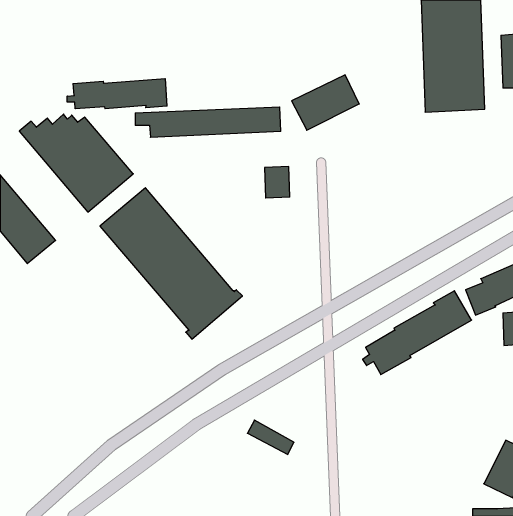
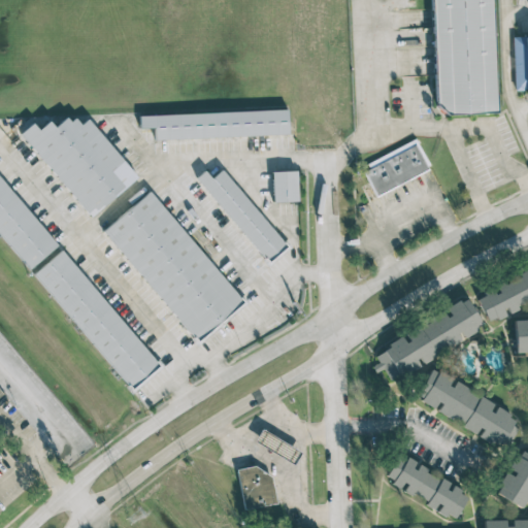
building: [292,75,359,130] -> [363,138,432,195]
building: [67,79,167,109] -> none
building: none -> [198,169,293,266]
building: none -> [35,251,167,395]
building: none -> [416,367,522,451]
building: none -> [386,454,470,520]
building: none -> [238,465,278,509]

